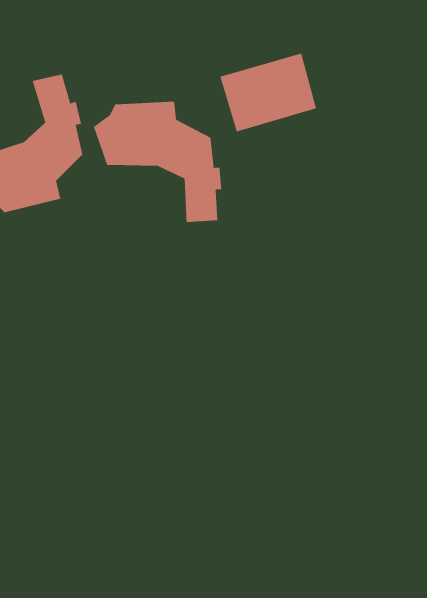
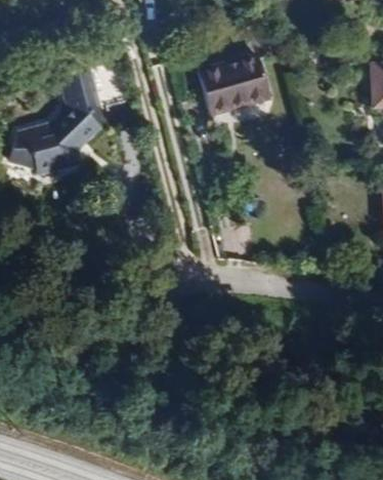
building: [93,101,222,223] -> none

